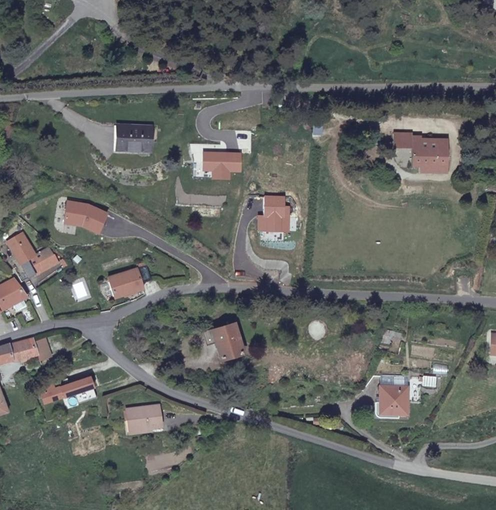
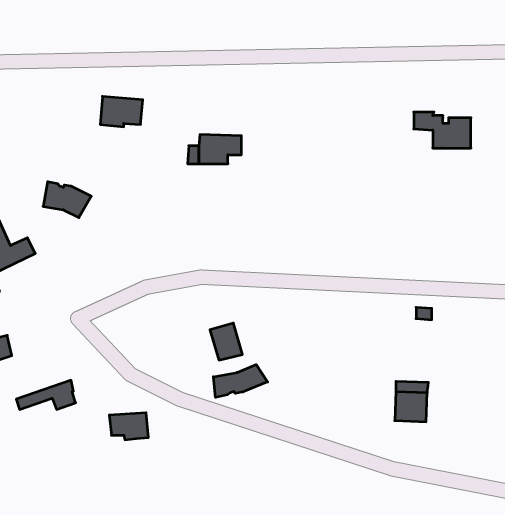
building: [259,200,288,235] -> none
building: [108,264,152,297] -> none
building: none -> [213,365,268,397]

